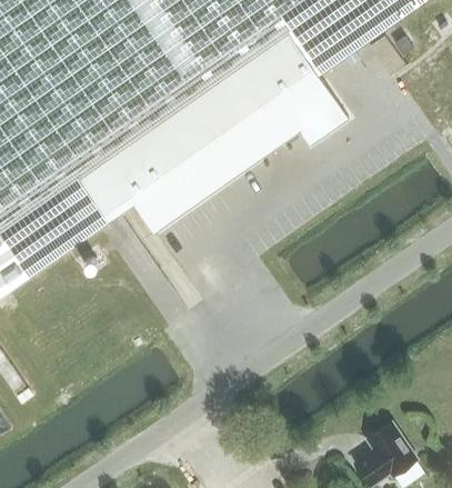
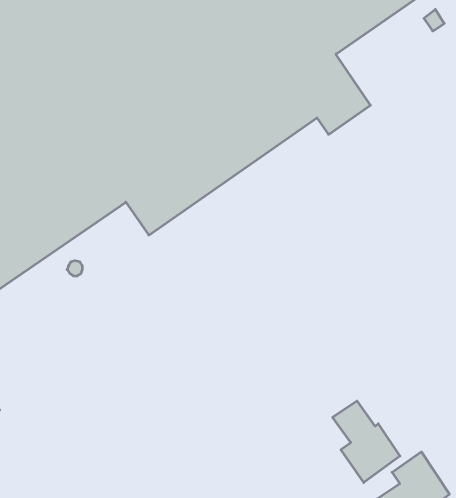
building: none -> [333,401,400,483]

